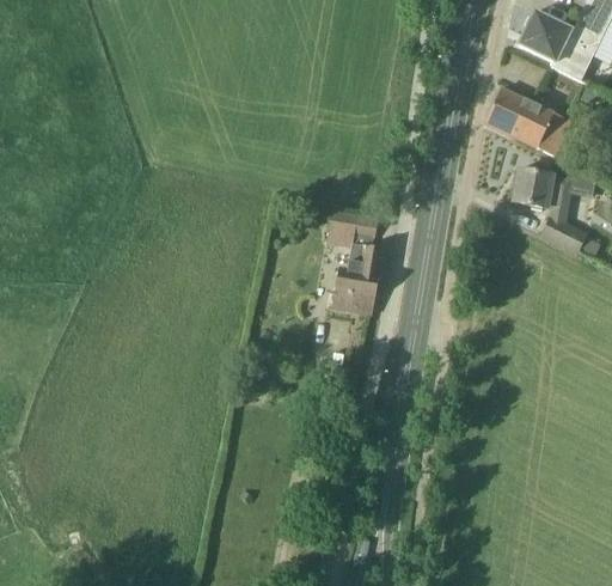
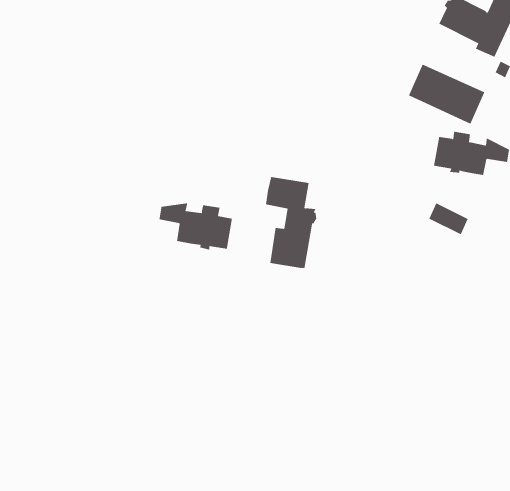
building: [543,216,587,252] -> [428,202,468,235]
building: none -> [159,202,232,250]

